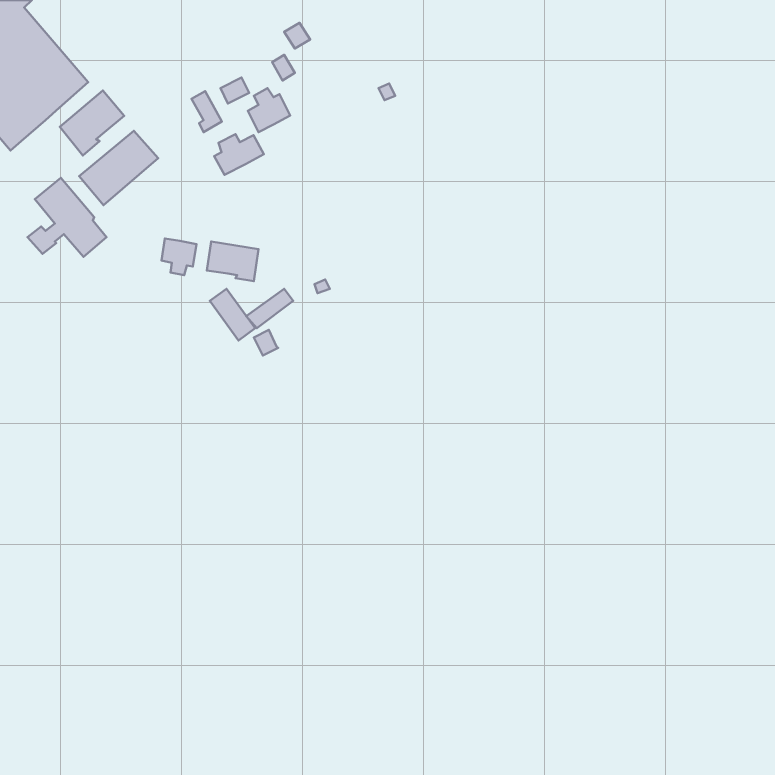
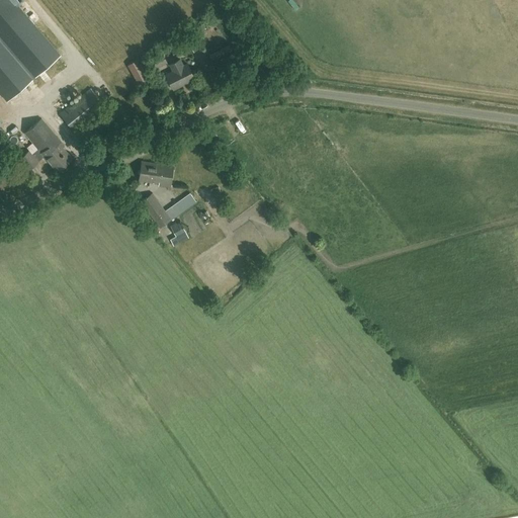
building: [60,91,124,155] -> none
building: [214,134,264,175] -> none
building: [161,238,196,275] -> none

